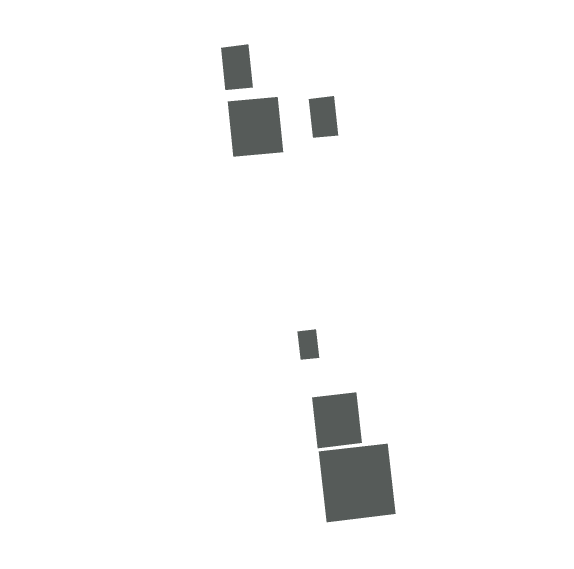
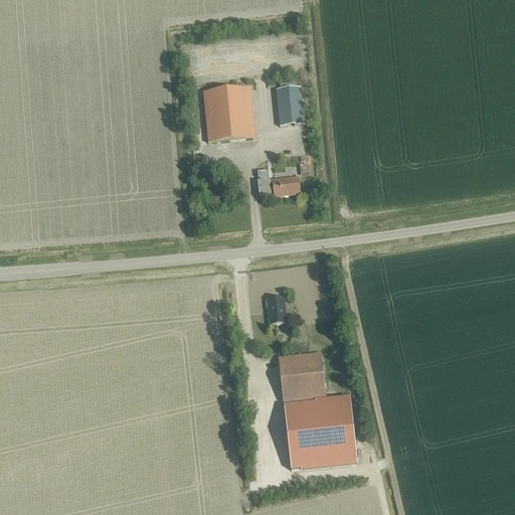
building: [220,43,253,91] -> none
building: none -> [256,168,300,195]

